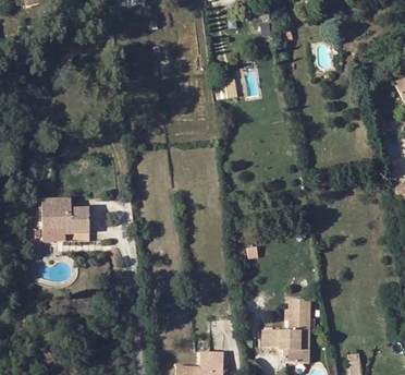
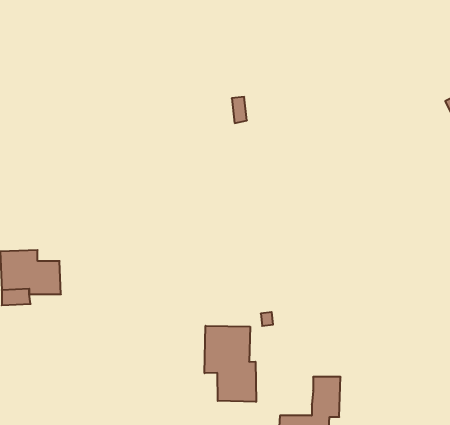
building: none -> [205,326,256,402]

